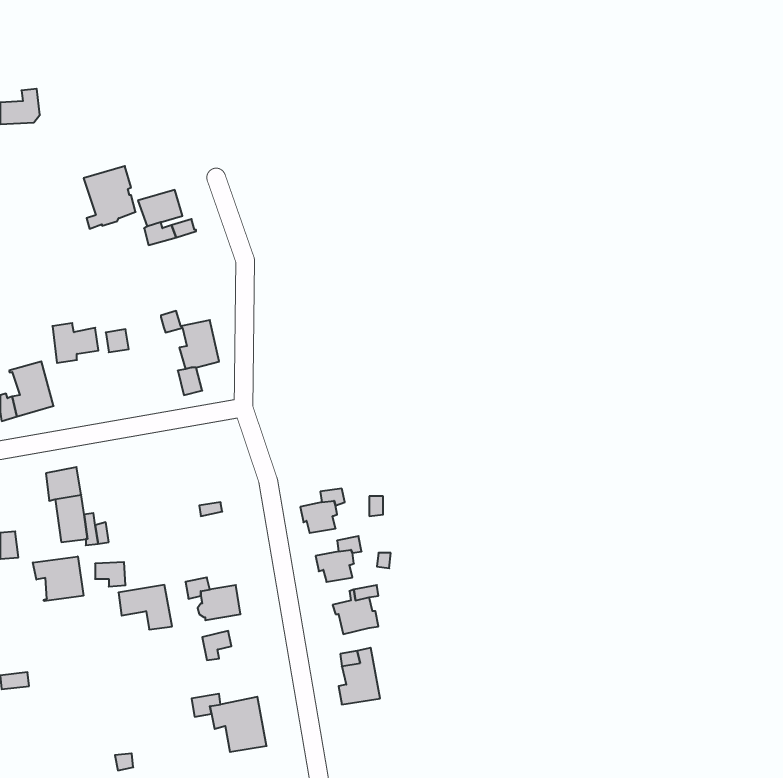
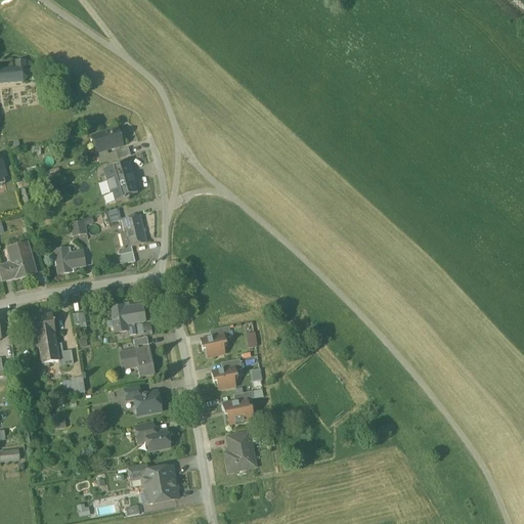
building: [84,166,136,229] -> [102,161,137,203]
building: [52,323,98,363] -> [54,247,85,273]
building: none -> [111,303,144,331]
building: [33,556,83,601] -> none
building: [118,585,172,629] -> [119,346,155,376]
building: none -> [145,430,172,451]

